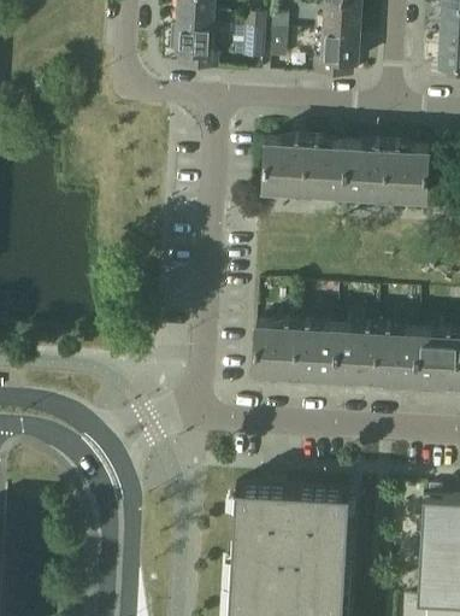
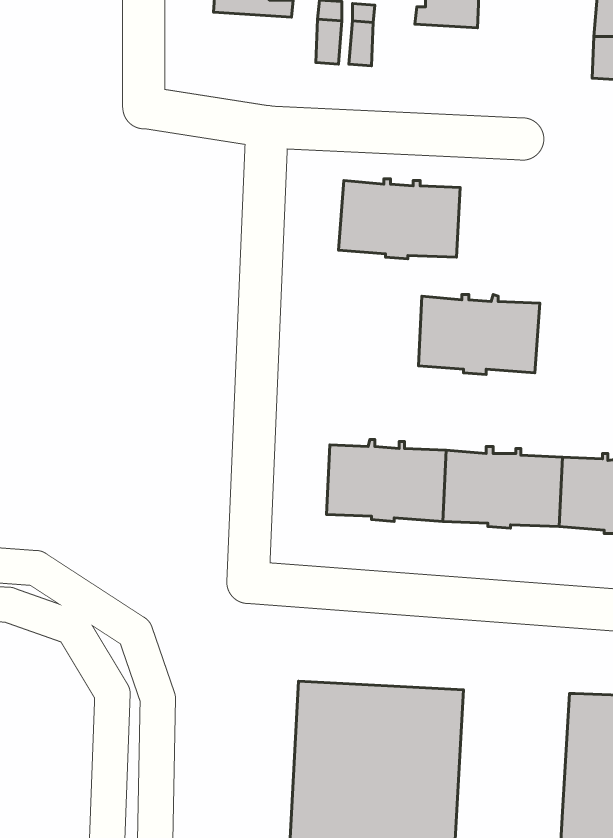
building: [170,22,230,68] -> none
building: [313,30,359,76] -> none
building: [344,142,429,198] -> [418,295,540,374]

